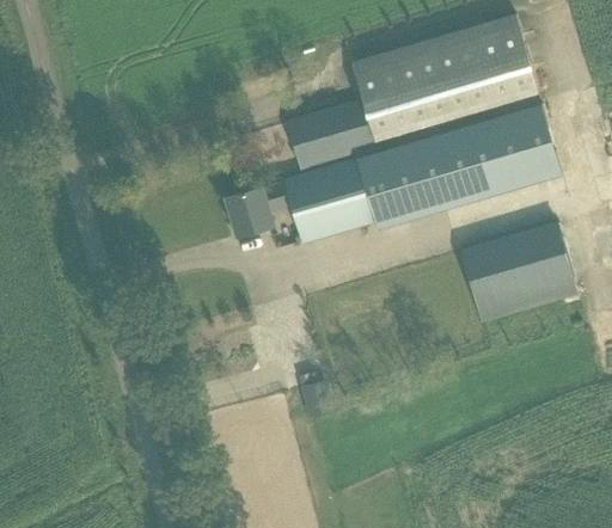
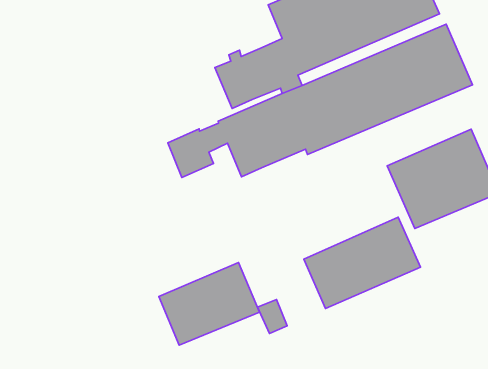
building: none -> [304,217,420,309]
building: none -> [159,263,259,345]

